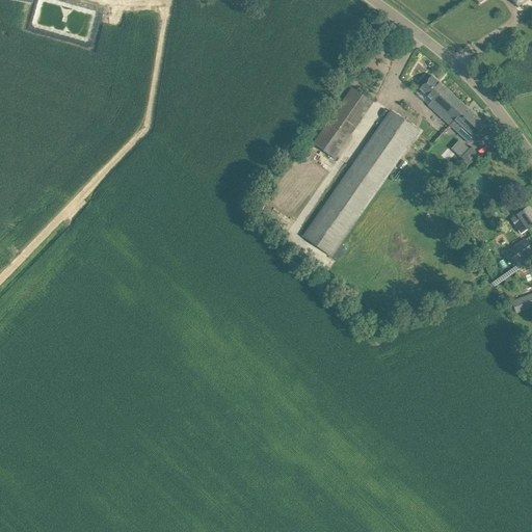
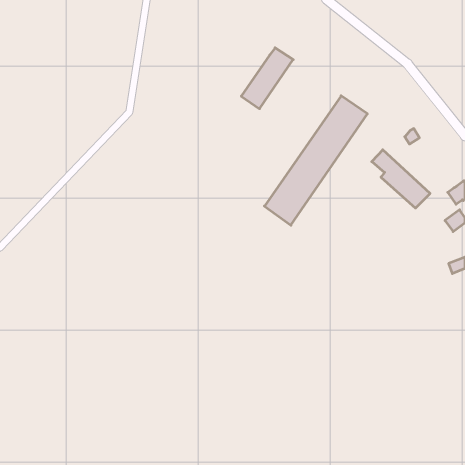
building: [419,75,485,141] -> [372,150,430,208]
building: [313,88,372,158] -> [241,48,293,109]

